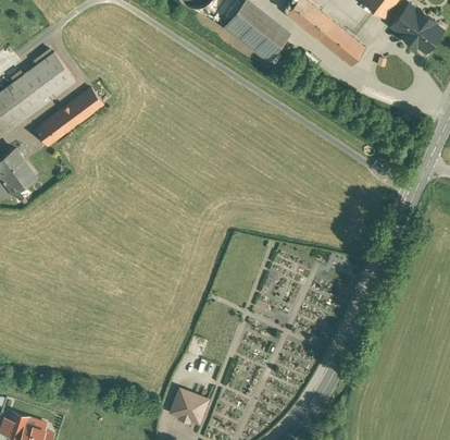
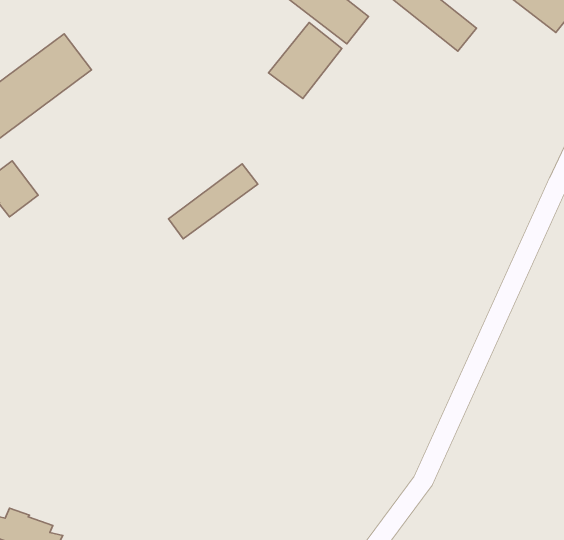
building: none -> [268,23,342,99]
building: [36,88,103,145] -> [169,164,258,239]
building: [170,388,209,423] -> none

